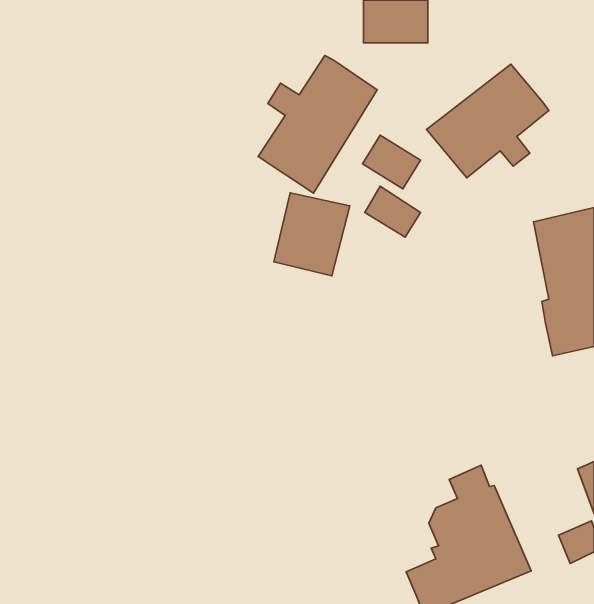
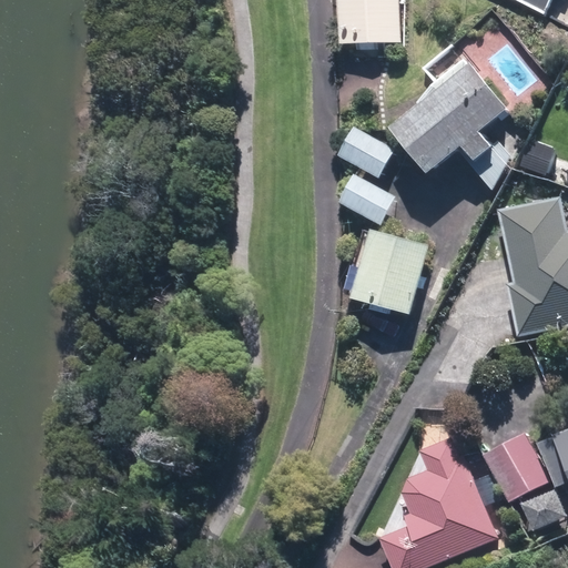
building: [258,55,377,193] -> none
building: [274,193,350,276] -> [356,233,427,311]
building: none -> [484,435,545,498]

